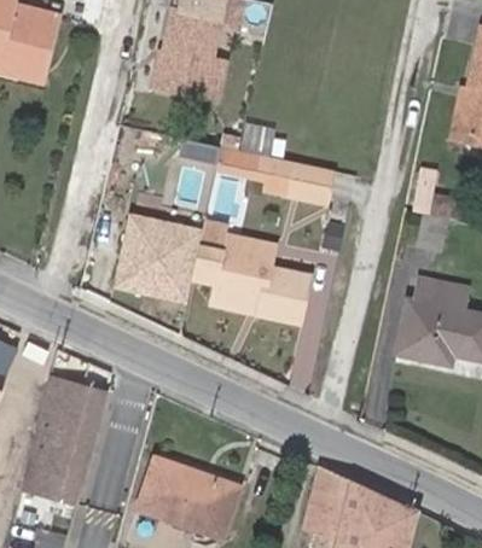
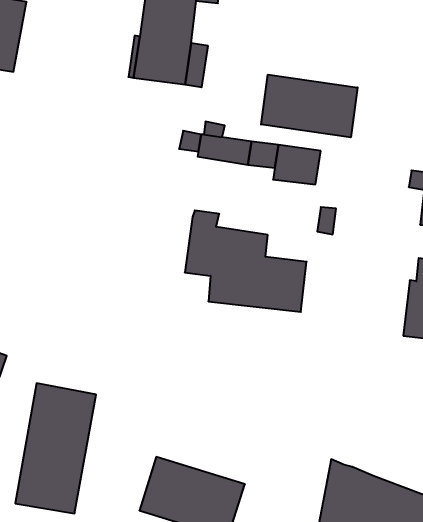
building: none -> [261,75,358,137]
building: [115,212,203,302] -> none

